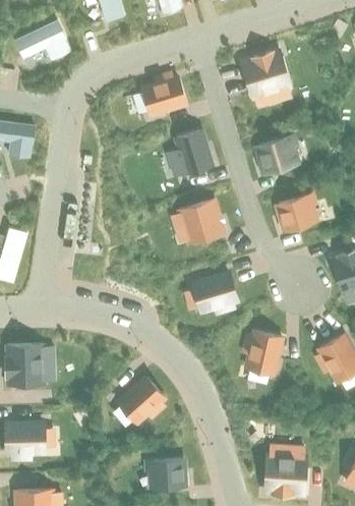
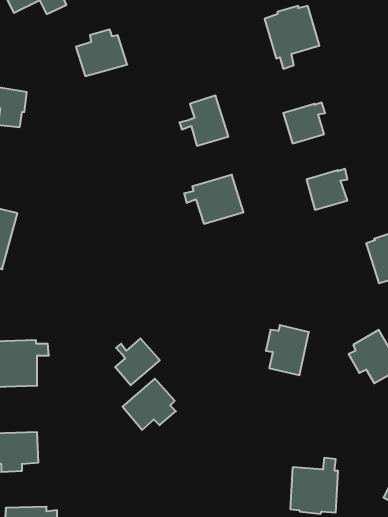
building: [141,73,186,114] -> [76,29,127,76]
building: [192,274,237,314] -> none
building: none -> [115,338,160,385]
building: [146,459,182,488] -> none

